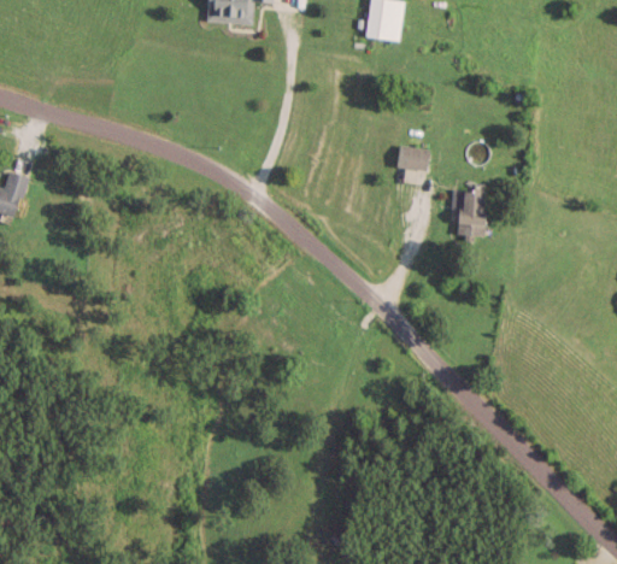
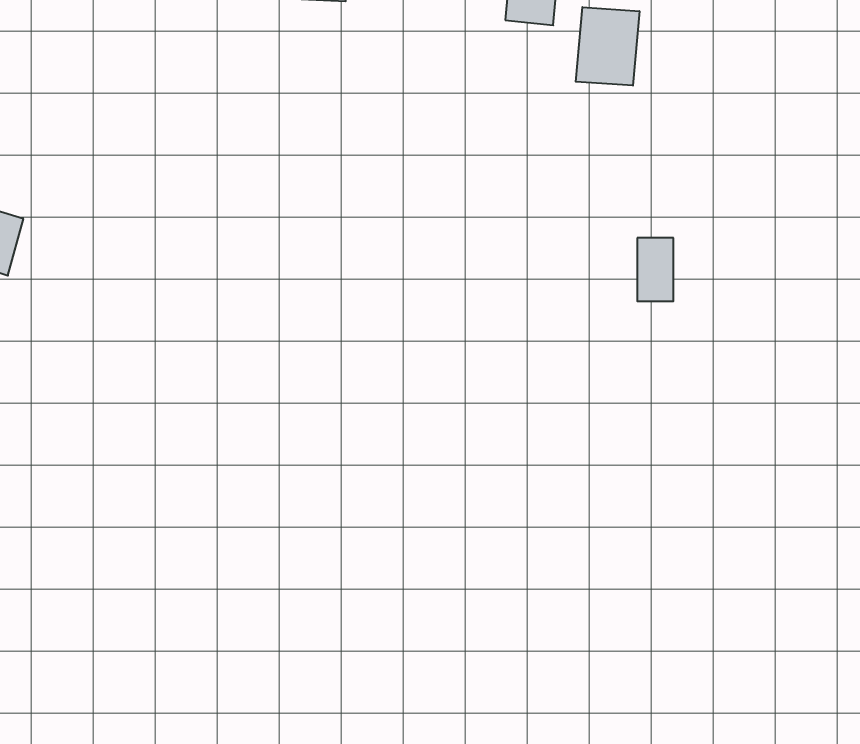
building: none -> [576,7,639,86]
building: [396,145,429,171] -> none

